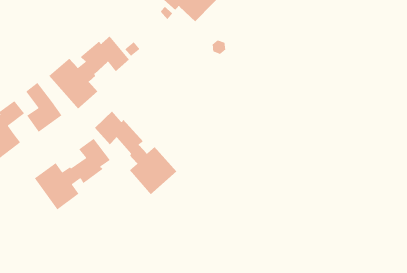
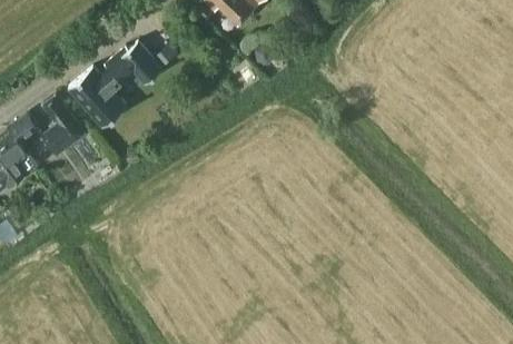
building: [94,111,177,195] -> none
building: [34,138,111,210] -> none

